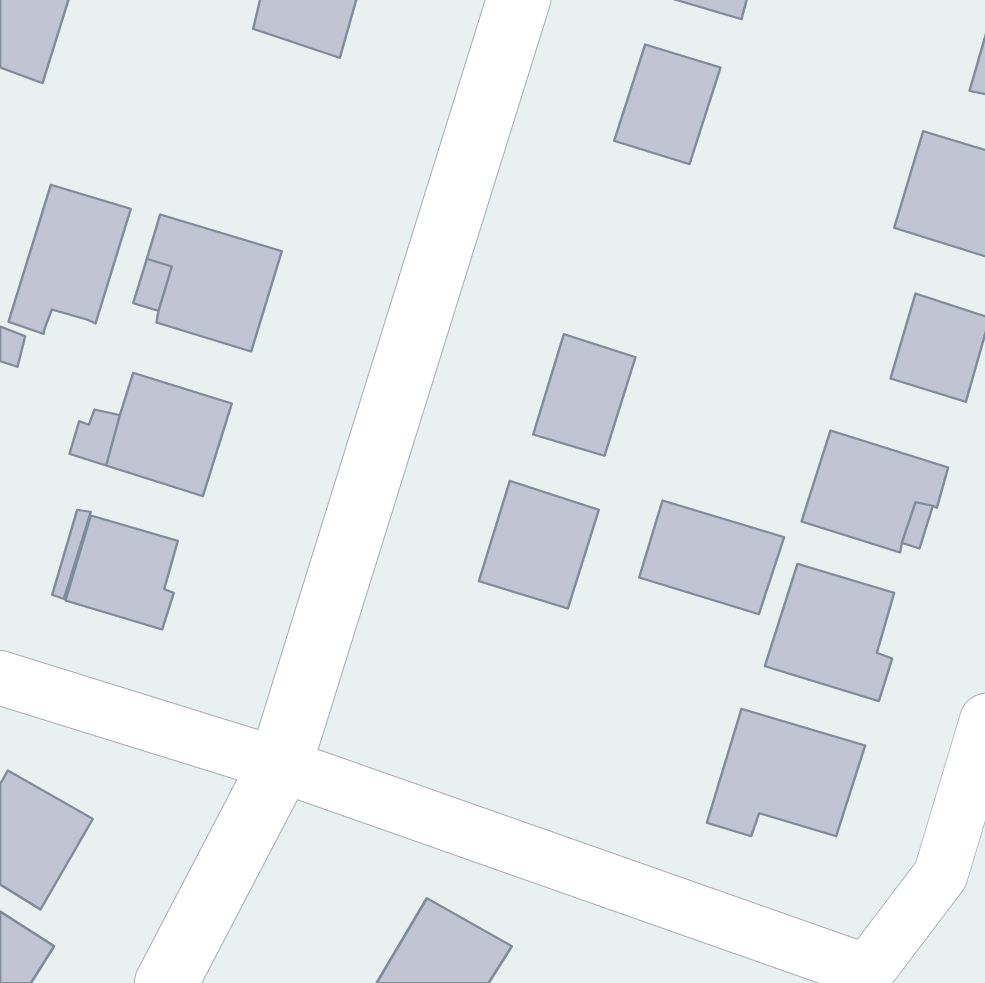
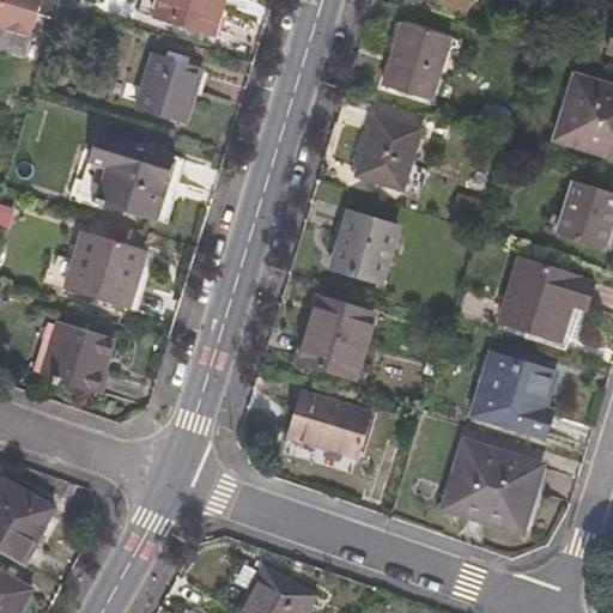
building: none -> [138,55,201,123]
building: [9,185,131,334] -> none
building: none -> [354,117,418,194]
building: [639,500,784,614] -> [281,384,371,455]

